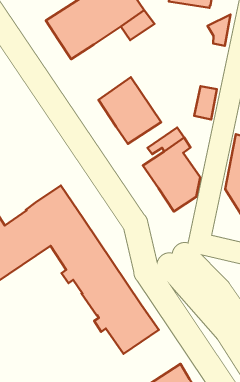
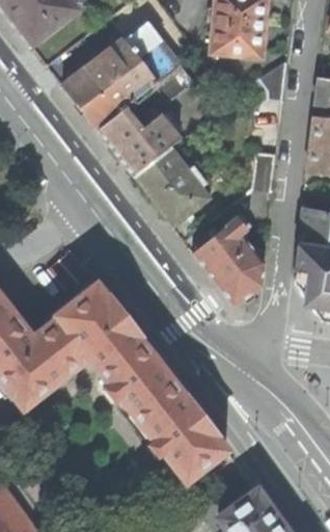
building: none -> [98,110,180,177]

